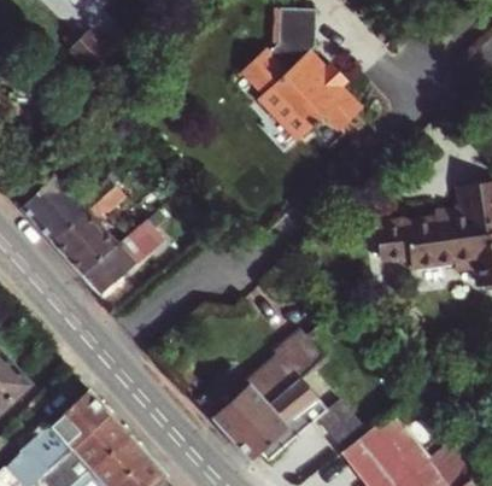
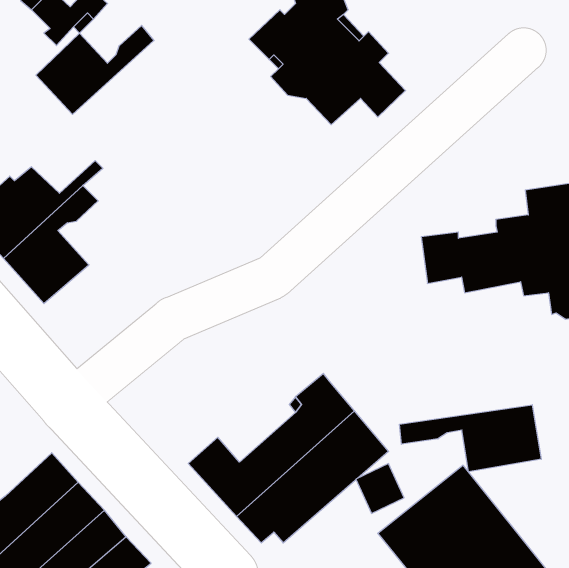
building: none -> [36,25,154,114]
building: [82,226,157,295] -> none
building: none -> [400,405,541,472]

